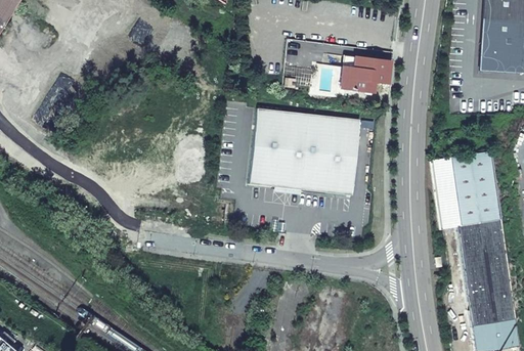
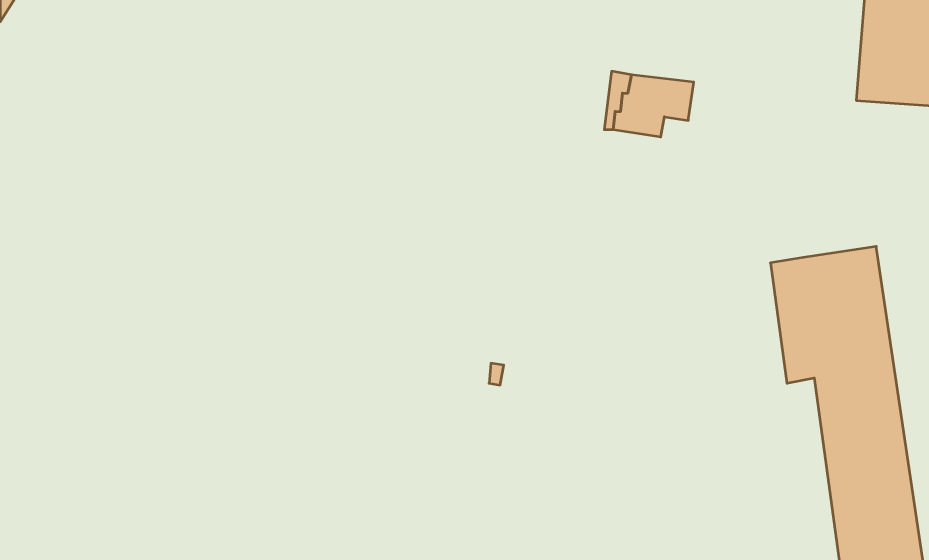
building: [247,107,358,194] -> none

